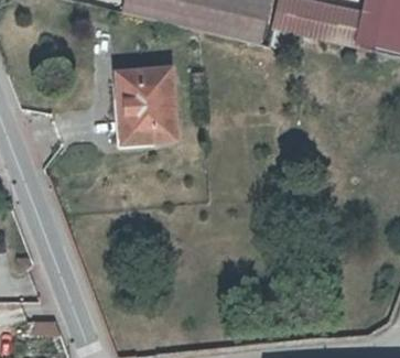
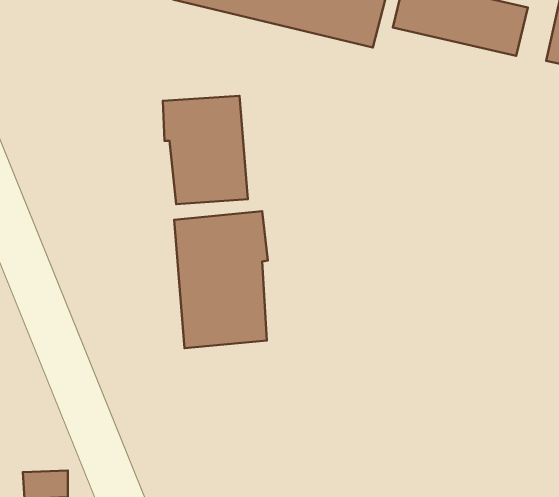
building: none -> [174,211,268,348]

